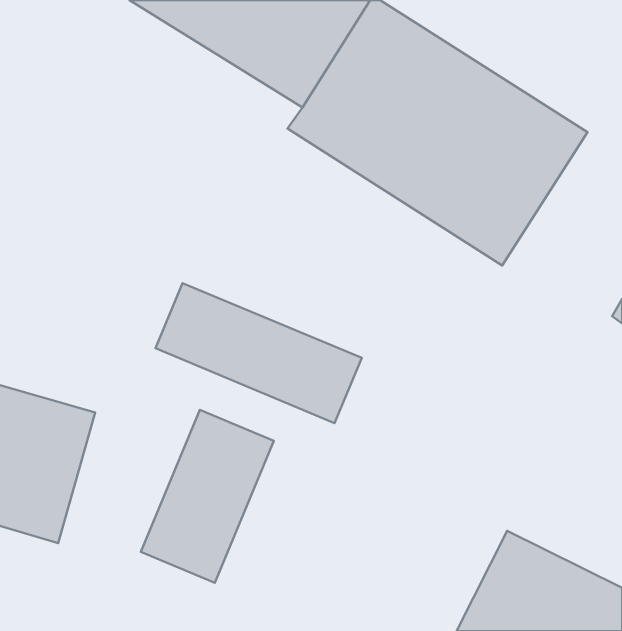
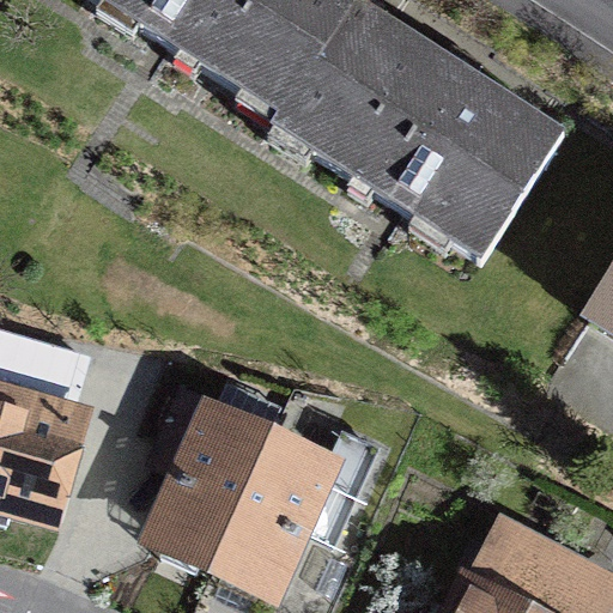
building: [155,283,362,423] -> none
building: none -> [208,427,340,595]

